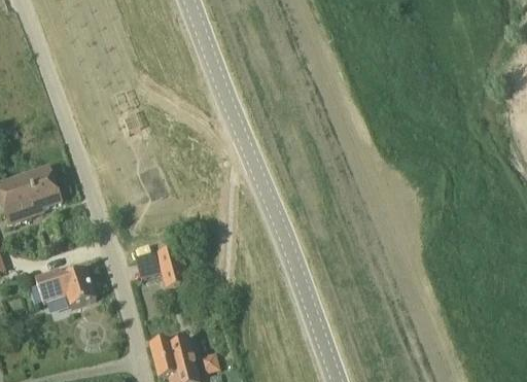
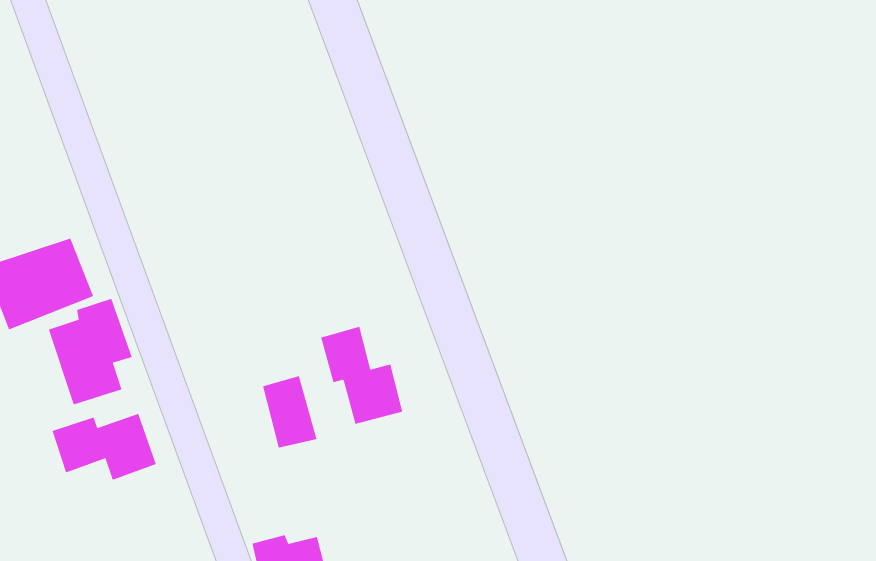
building: none -> [48,298,133,406]
building: none -> [320,326,403,425]

